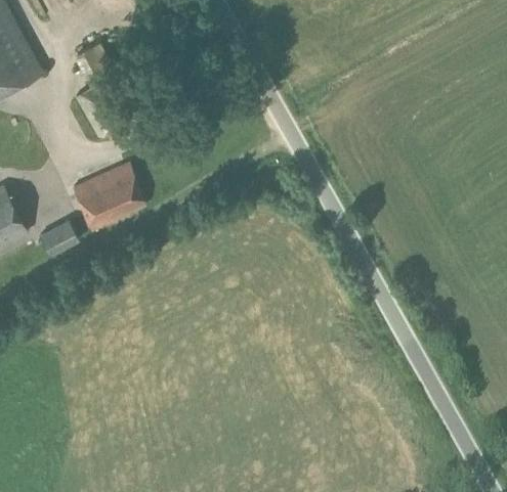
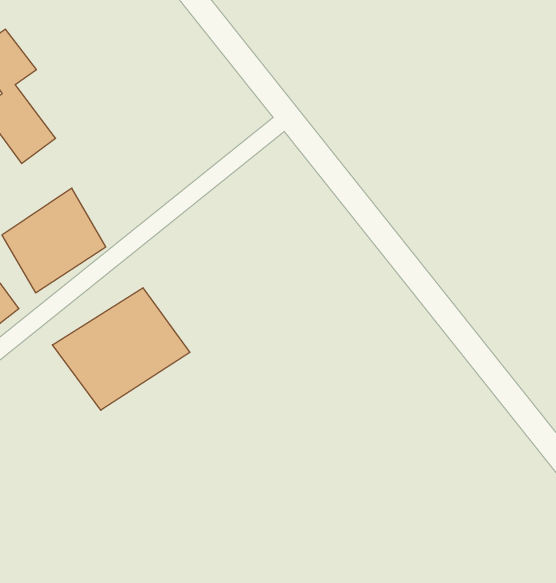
building: none -> [52,288,190,410]

